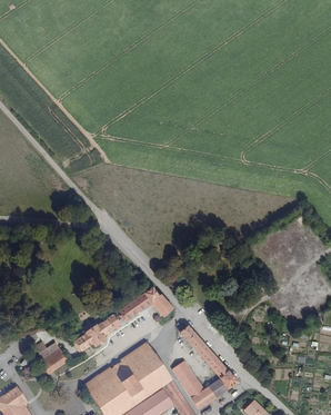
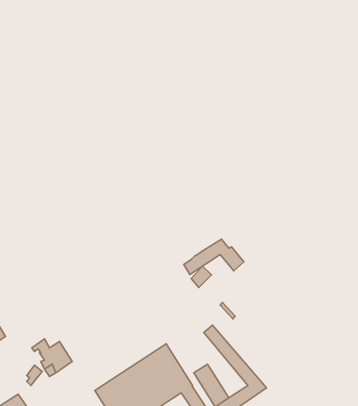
building: [120,289,173,320] -> [184,239,244,274]
building: [73,315,120,350] -> none

